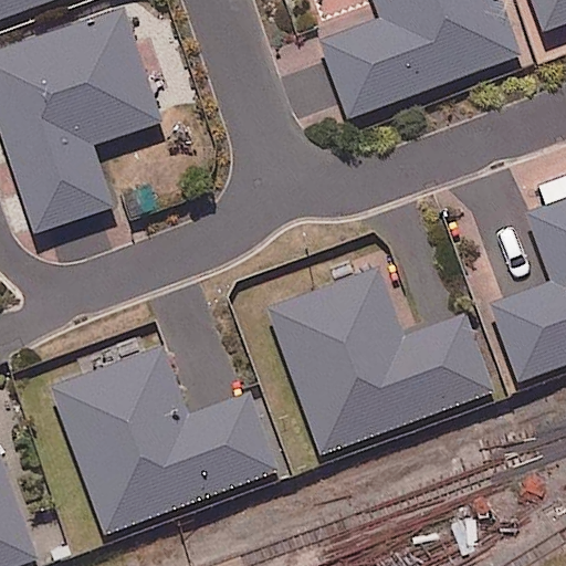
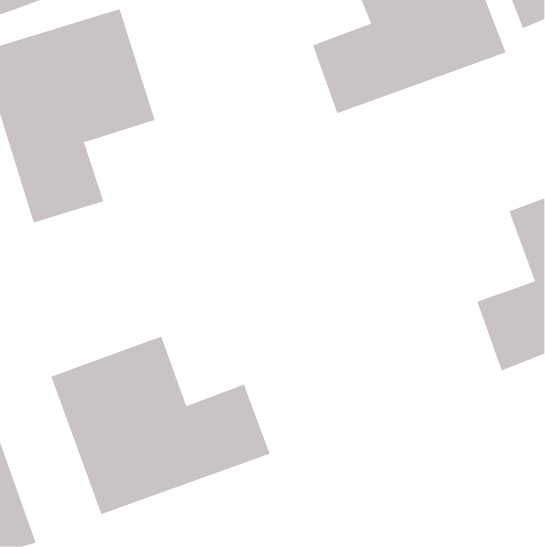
building: [265,269,492,453] -> none

